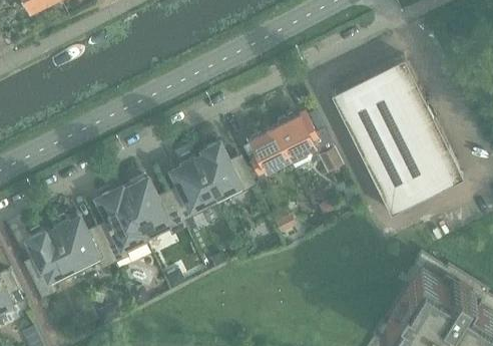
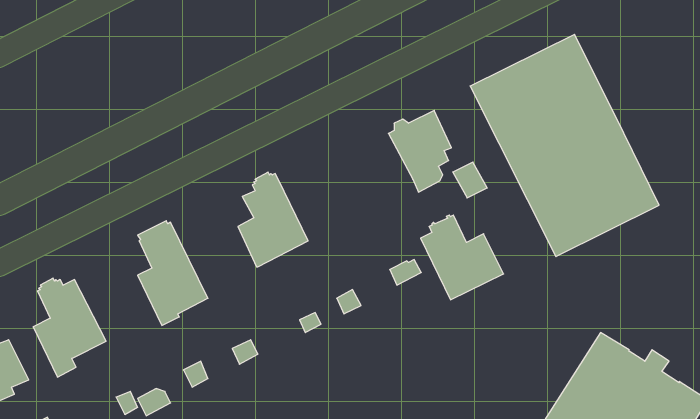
building: [248,126,290,175] -> none
building: [195,142,254,202] -> [421,215,504,300]
building: [120,178,184,242] -> none
building: [51,216,114,272] -> none

